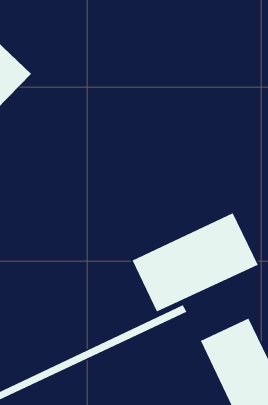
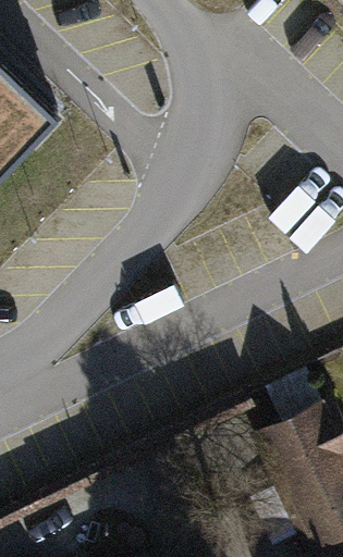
building: [132,212,259,313] -> none

